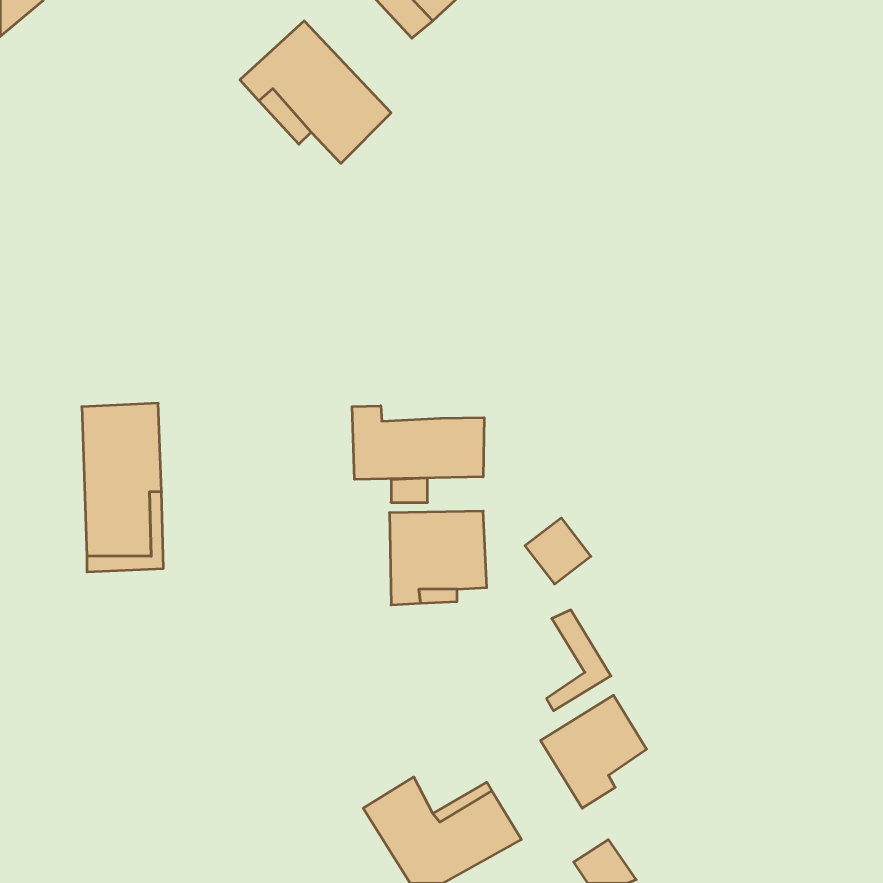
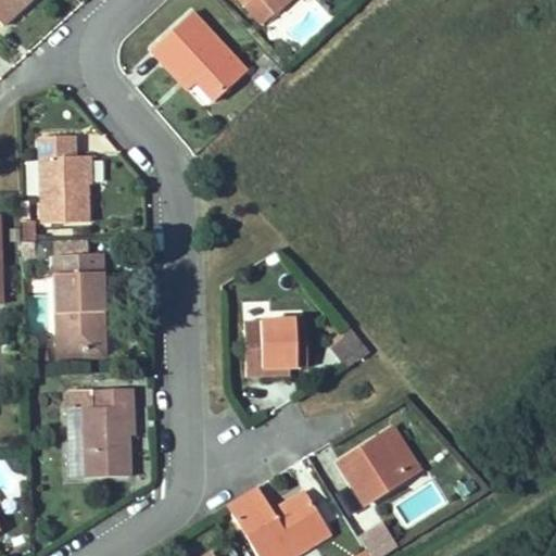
building: none -> [41,135,89,223]
building: [352,406,484,479] -> none
building: [547,610,611,711] -> [383,429,424,492]
building: none -> [66,390,132,479]

